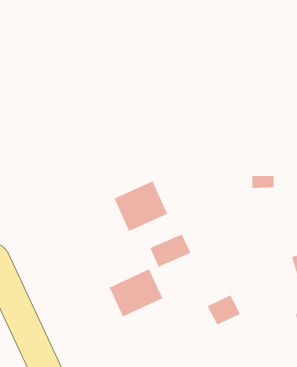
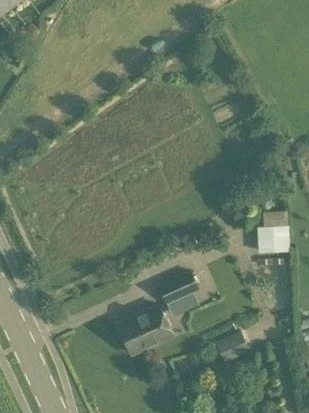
building: [114,180,168,232] -> none
building: none -> [252,226,286,253]

